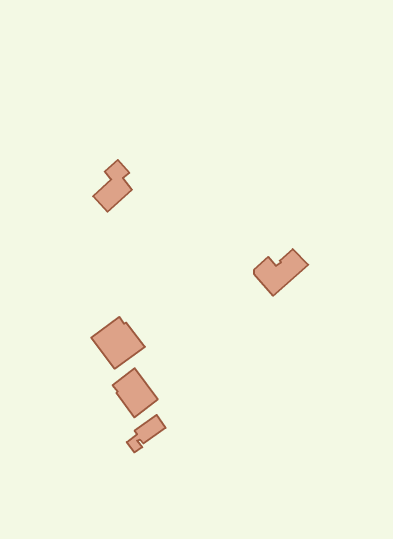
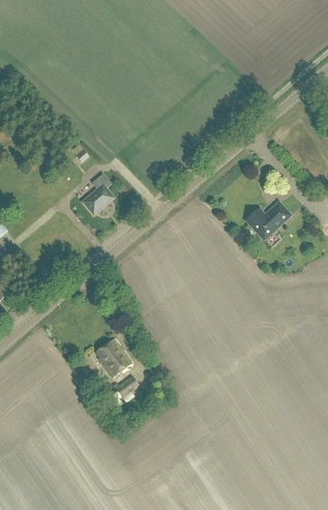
building: [254,249,308,296] -> [249,202,293,239]
building: [91,317,145,369] -> none

